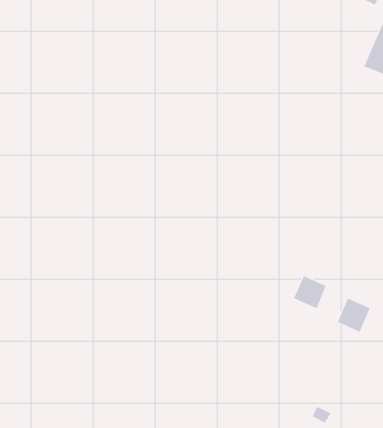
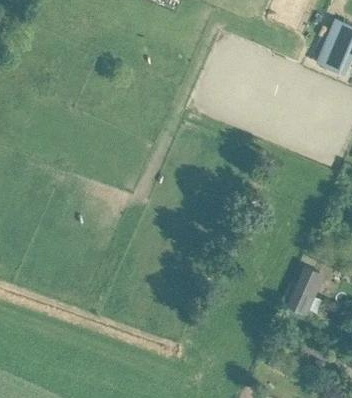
building: [293,275,326,309] -> [287,286,316,315]

